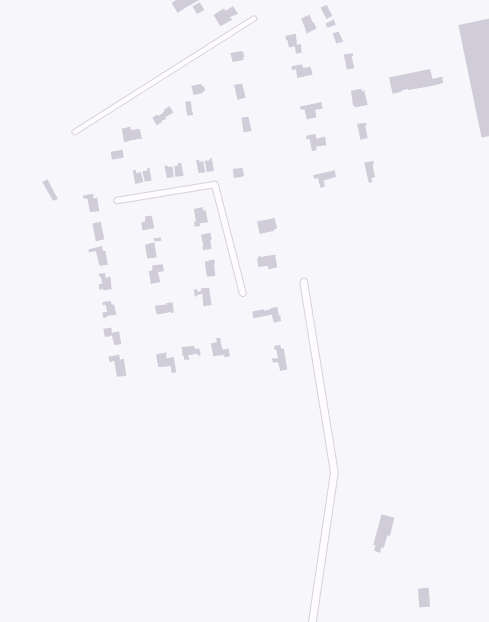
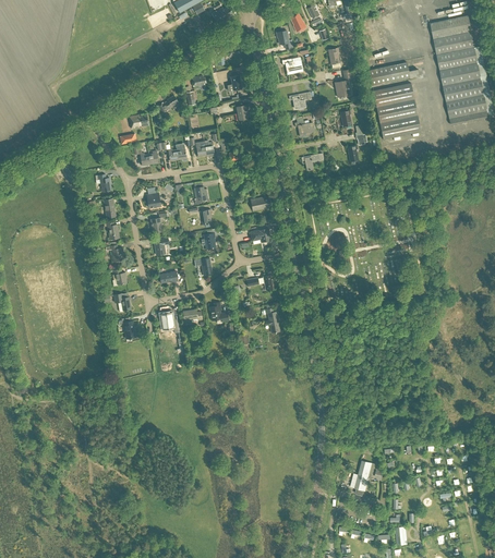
building: none -> [373,82,421,138]

